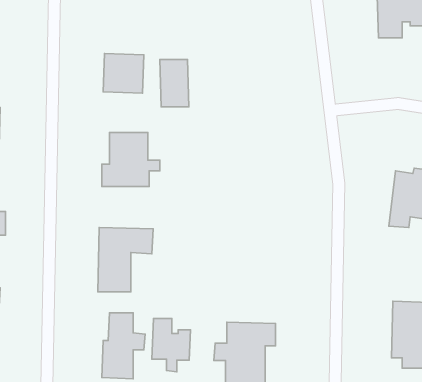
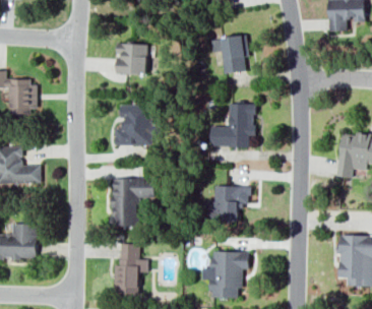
building: [160,60,189,107] -> [223,37,245,73]
building: none -> [210,104,255,147]
building: none -> [207,186,250,223]
building: [152,318,191,372] -> none

